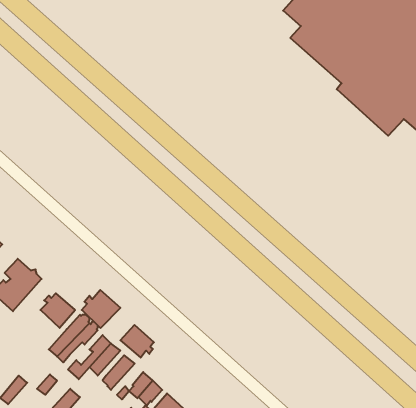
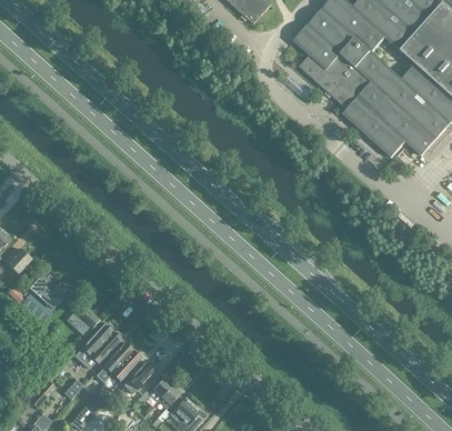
building: [82,290,120,328] -> none
building: [120,325,154,358] -> none

